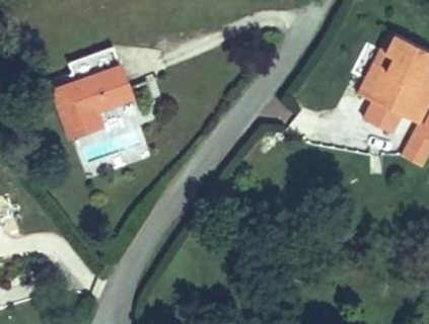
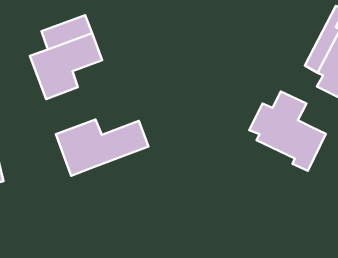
building: none -> [249,91,326,171]
building: none -> [56,120,149,176]

